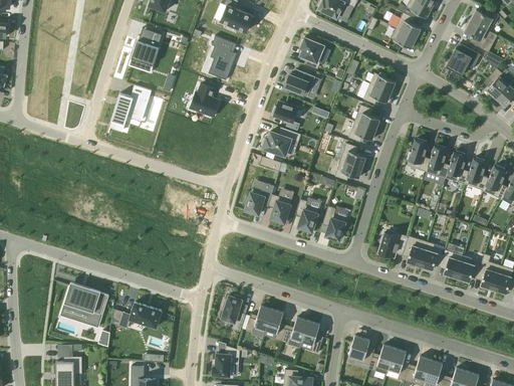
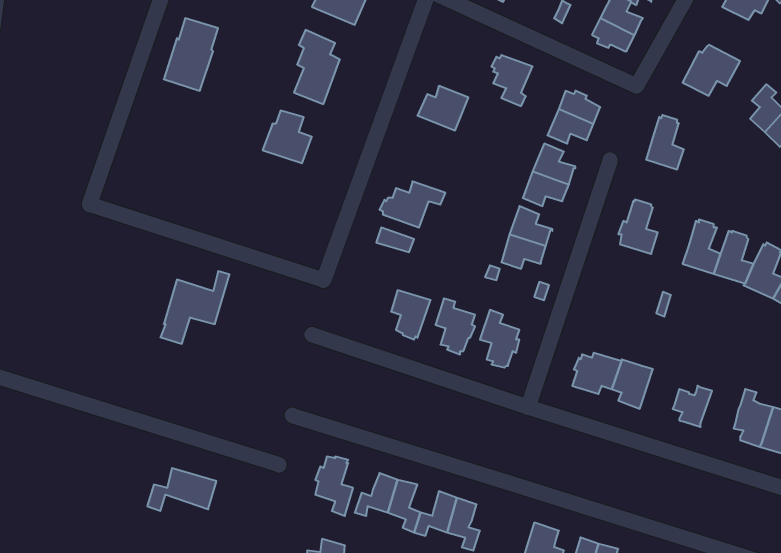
building: [465,21,490,48] -> none
building: [299,38,324,69] -> [491,55,533,106]
building: [109,88,152,133] -> [160,271,230,344]
building: [272,102,300,131] -> none
building: [427,145,450,178] -> [646,115,684,169]
building: [245,188,266,215] -> none
building: [420,242,444,270] -> none
building: [457,255,480,281] -> none
building: [60,281,108,328] -> none

